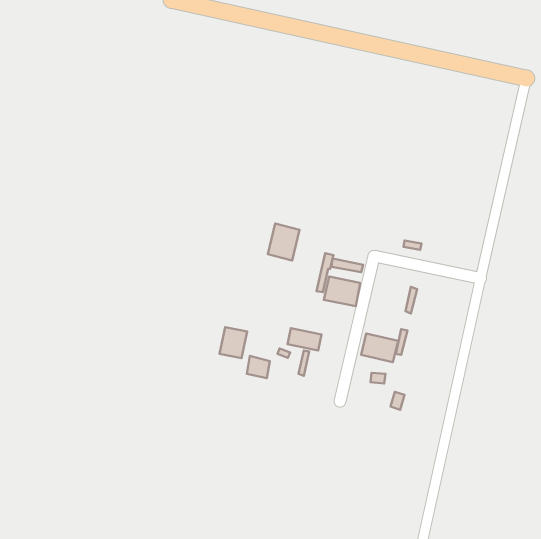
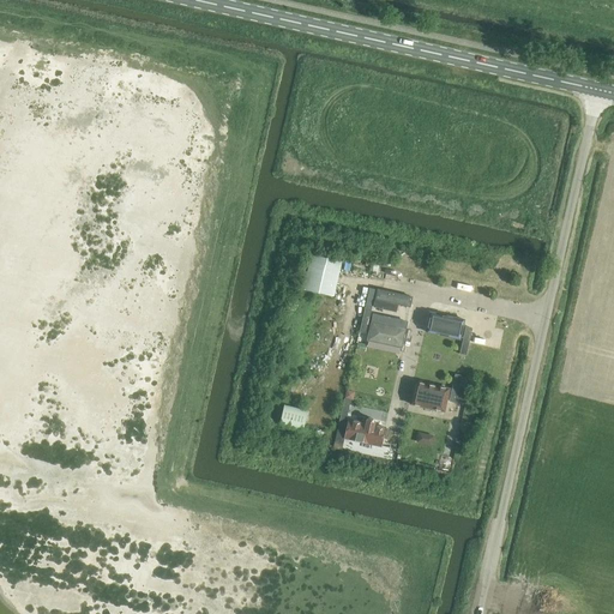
building: none -> [426,312,464,338]
building: [219,327,247,358] -> none
building: [288,328,321,350] -> [347,419,385,444]

